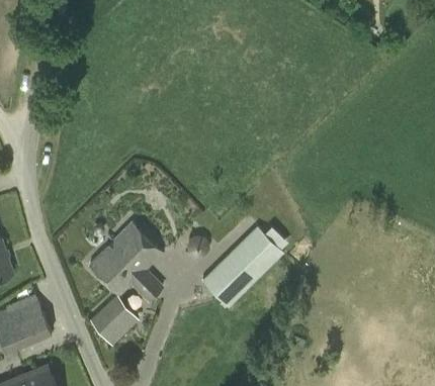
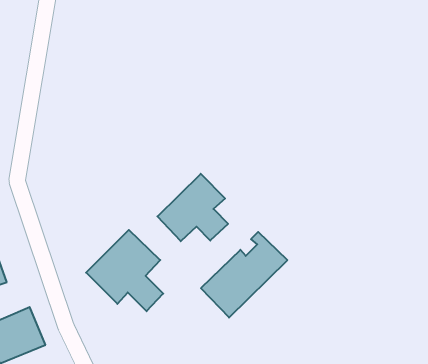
building: none -> [157,174,228,241]
building: [89,295,139,347] -> none

